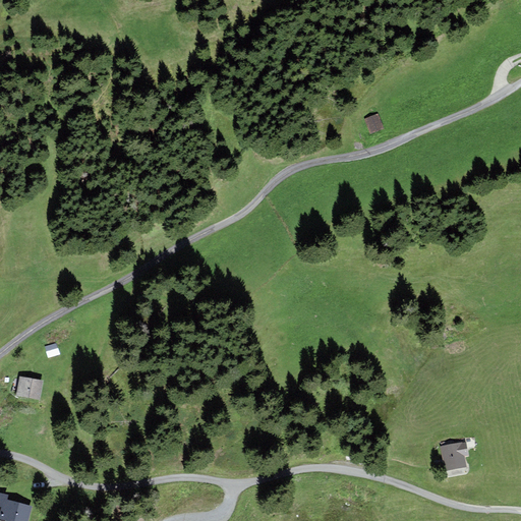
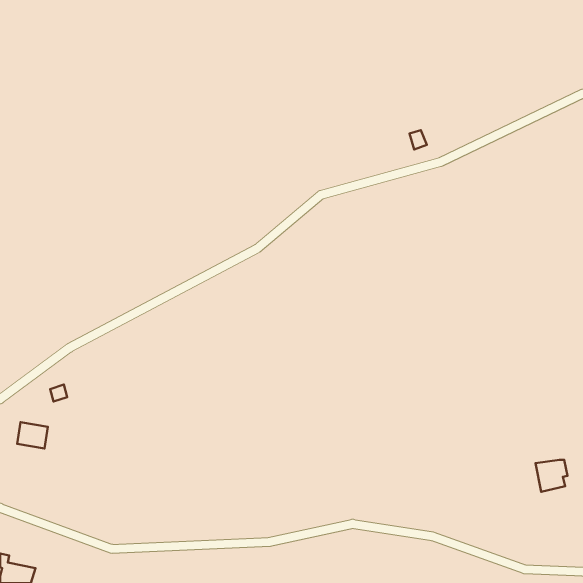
building: [441,443,469,471] -> [536,460,567,492]

